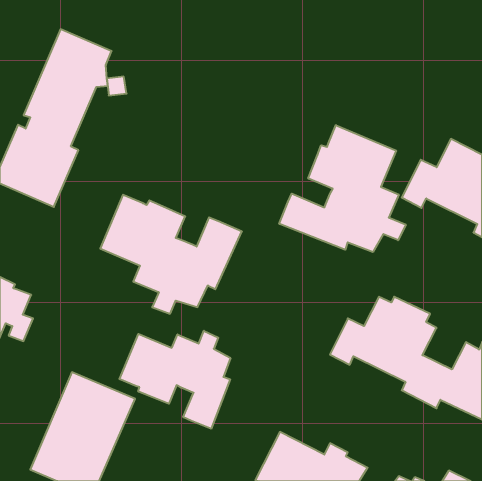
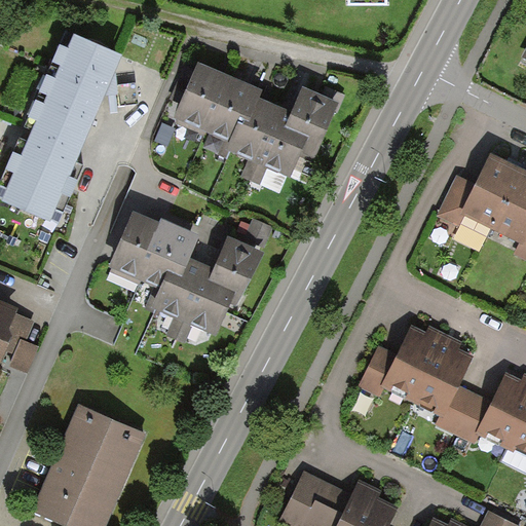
building: none -> [175,64,336,181]
building: [279,125,406,252] -> none
building: [119,331,230,429] -> none

